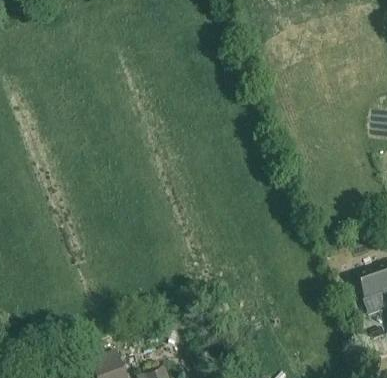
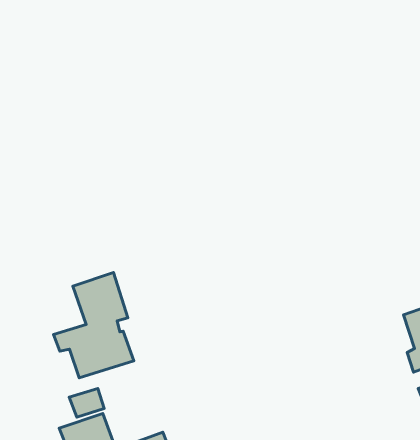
building: none -> [54,272,134,378]

